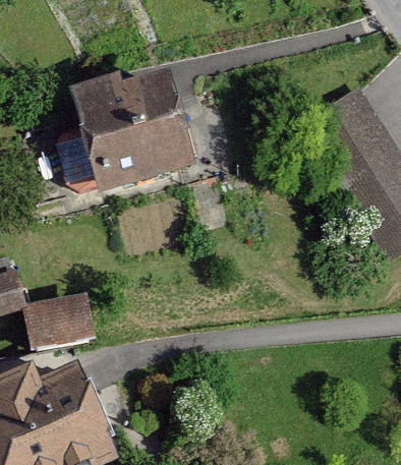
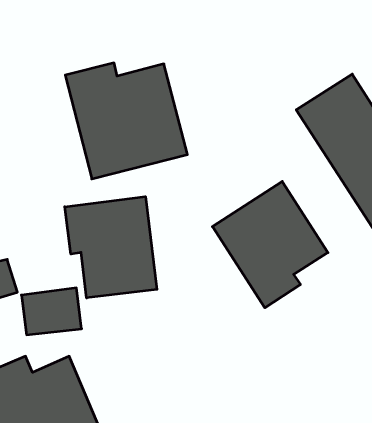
building: none -> [212,181,328,308]
building: none -> [65,197,157,298]

